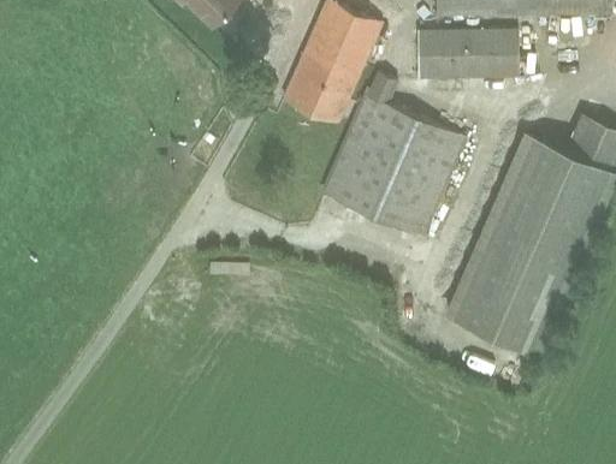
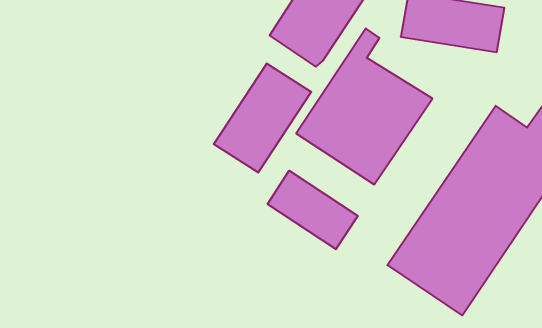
building: none -> [214,63,311,173]
building: none -> [268,171,358,249]

